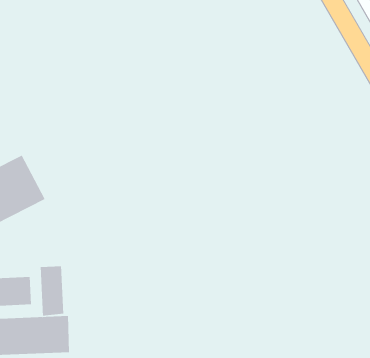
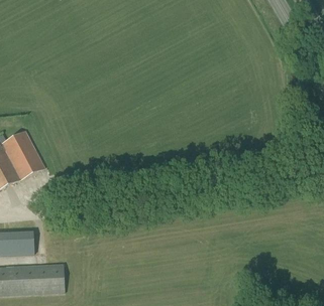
building: [40,266,64,317] -> none

